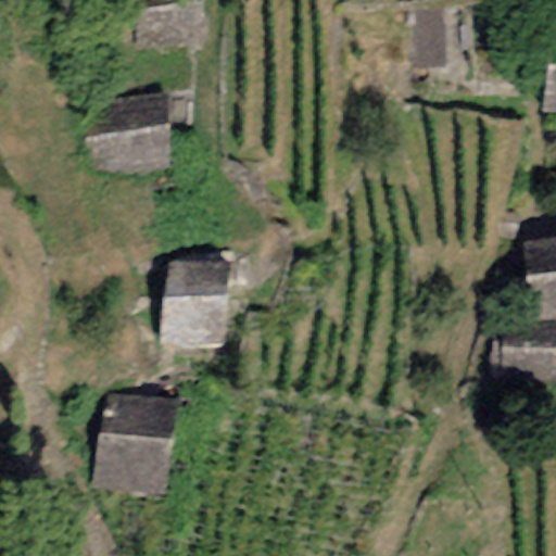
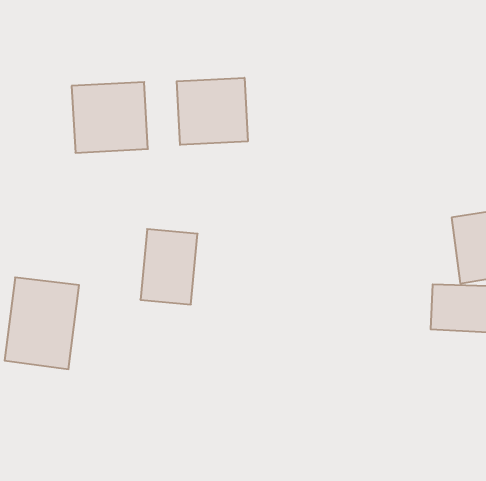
building: none -> [177,78,248,145]
building: [94,392,179,496] -> [5,277,79,369]

